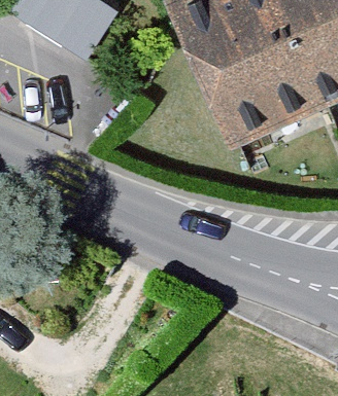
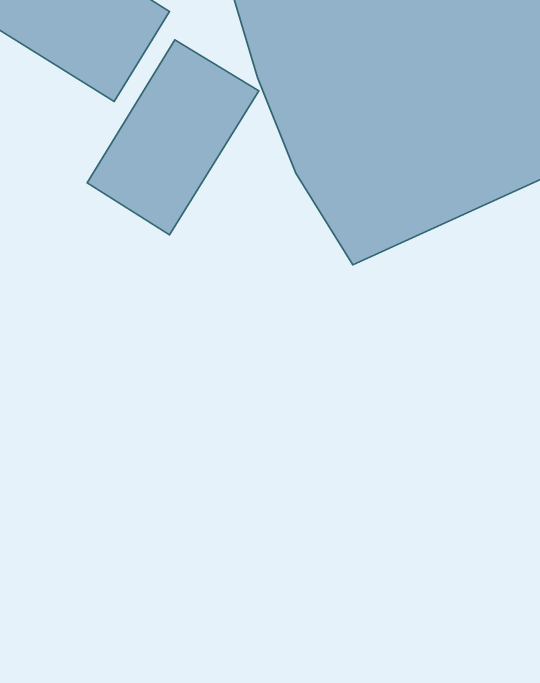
building: none -> [87,40,259,235]

